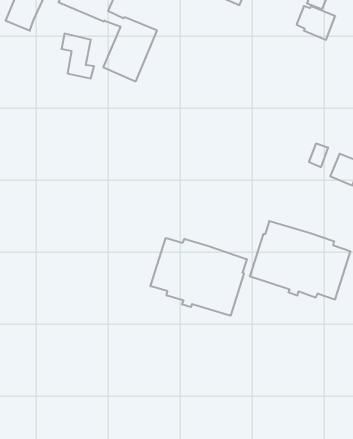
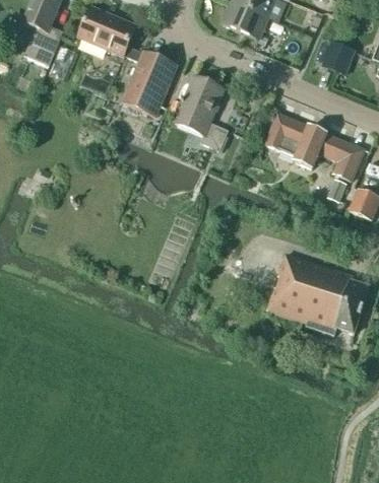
building: none -> [175,77,229,149]
building: none -> [264,113,365,181]
building: [150,238,247,316] -> none

